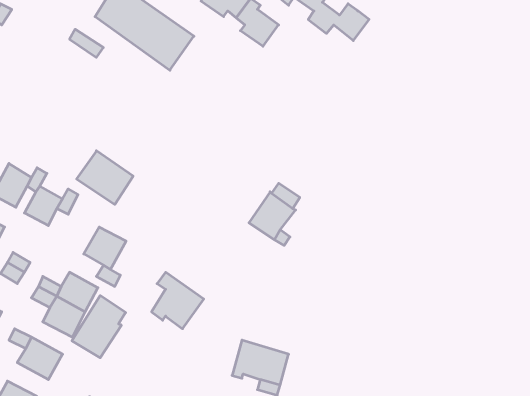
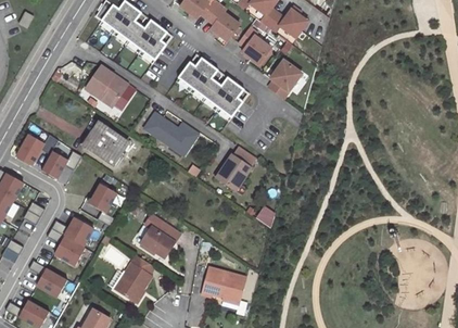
building: none -> [236,28,268,65]
building: none -> [178,52,249,115]
building: none -> [267,60,301,99]
building: none -> [84,65,126,105]
building: none -> [142,112,196,154]
building: [72,296,126,358] -> [113,255,154,303]

